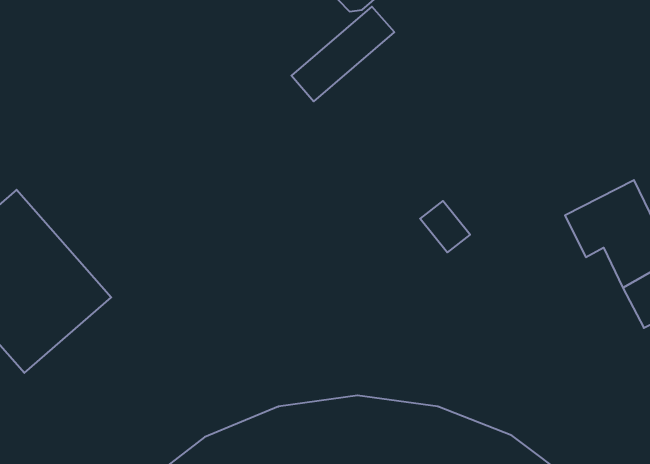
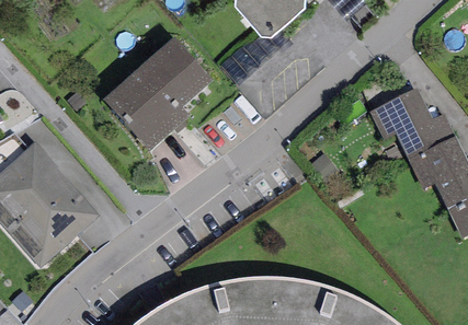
building: none -> [102,35,210,149]
building: none -> [366,82,454,155]

